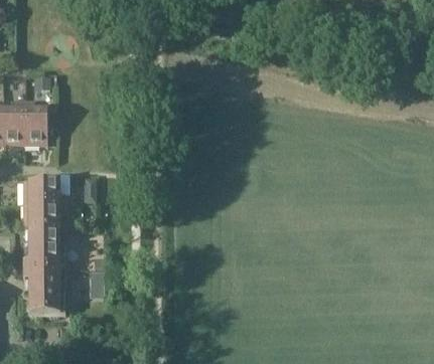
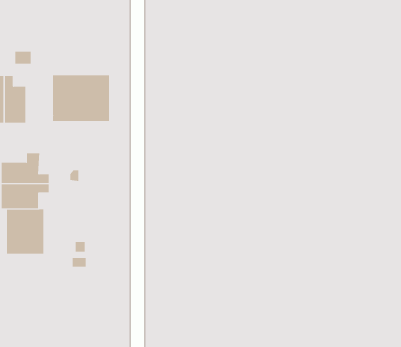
building: none -> [53,74,110,122]
building: [26,268,62,311] -> none

